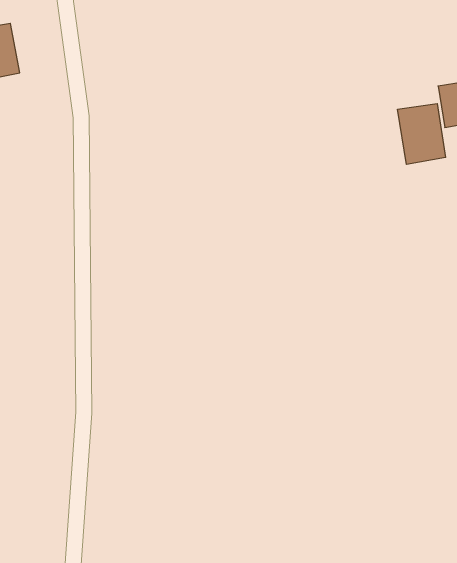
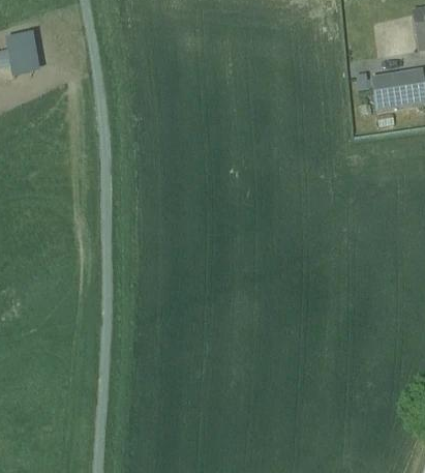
building: [398,104,446,164] -> none

